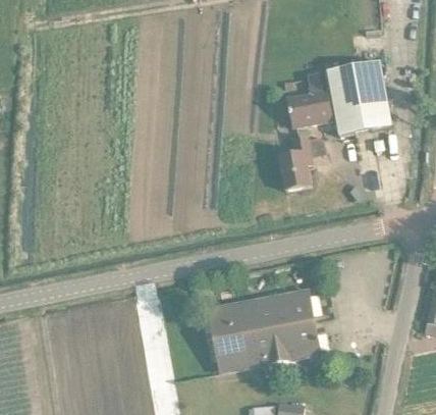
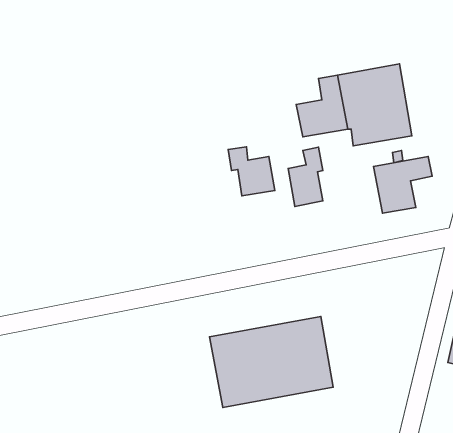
building: none -> [228,147,275,196]
building: none -> [373,156,432,213]

